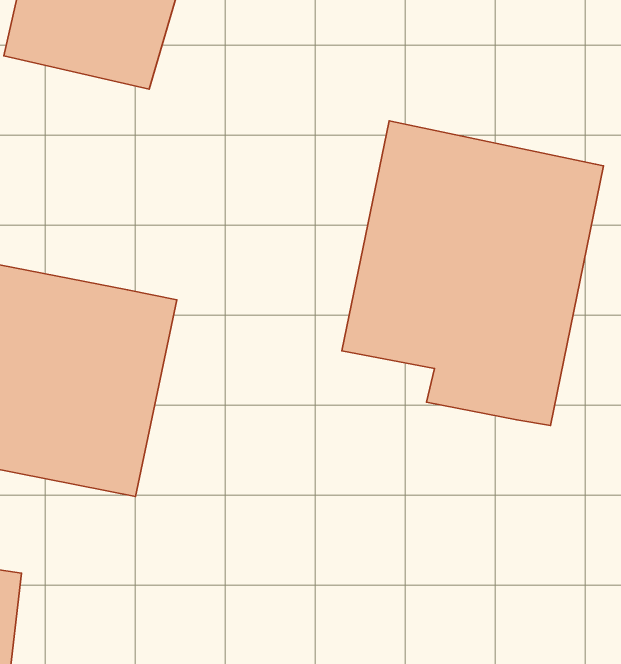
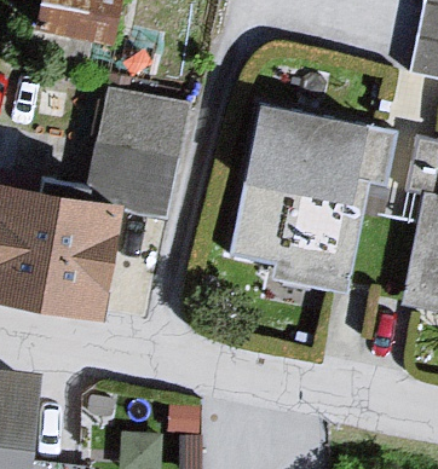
building: none -> [92,95,201,225]

